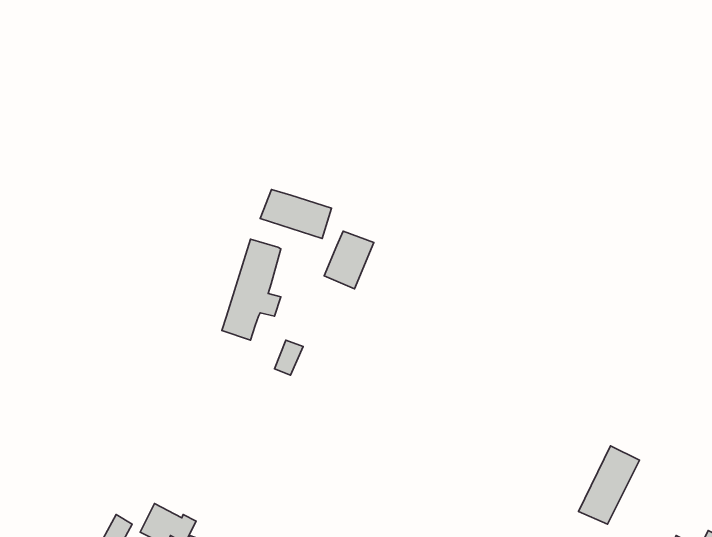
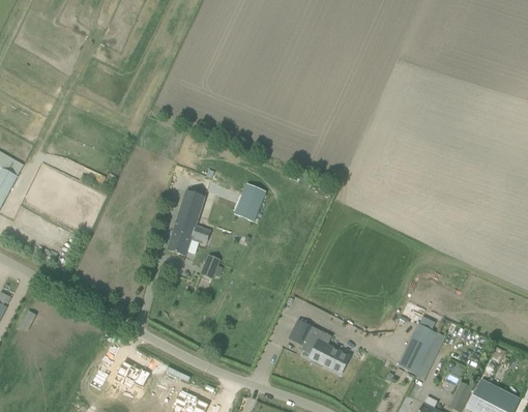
building: [260,189,332,238] -> none
building: none -> [289,319,349,374]

